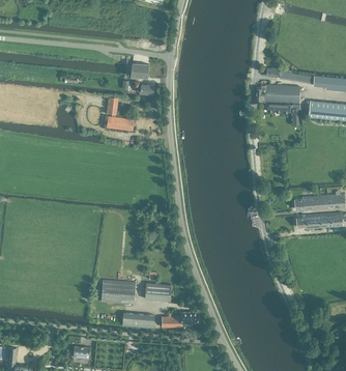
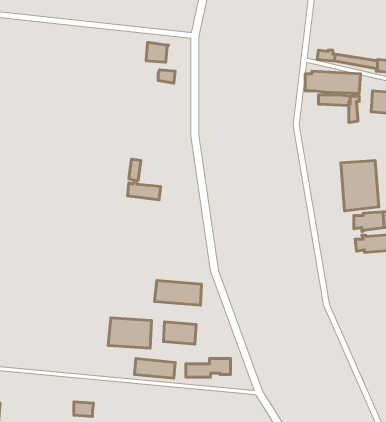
building: [107,96,133,129] -> [128,159,160,200]
building: none -> [341,161,379,211]
building: none -> [155,281,201,305]

